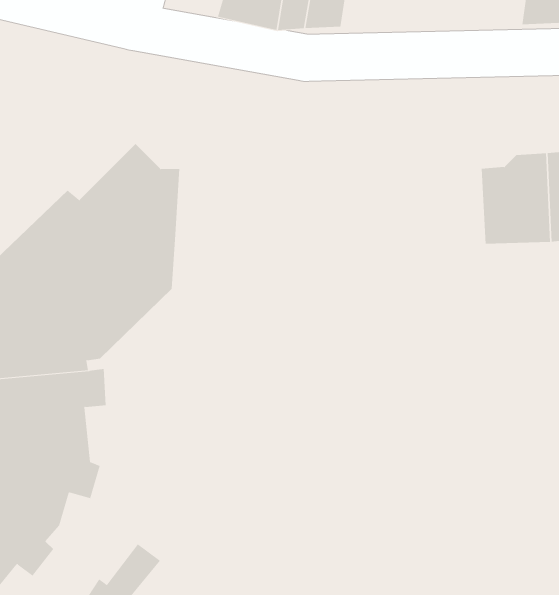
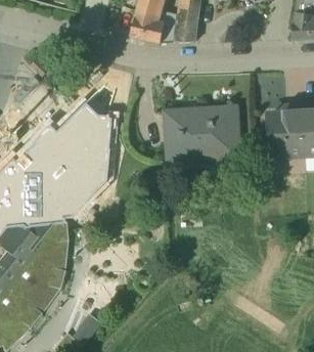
building: none -> [167,106,240,161]

